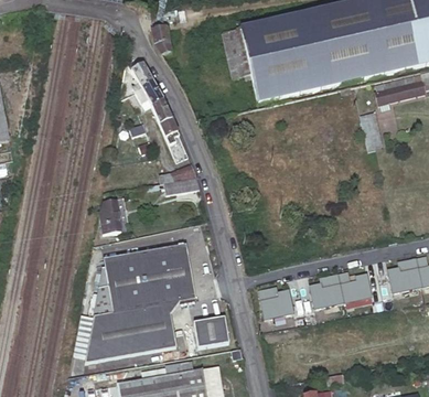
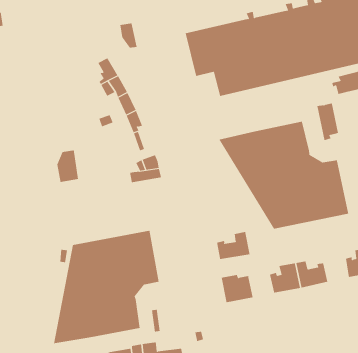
building: none -> [218,121,349,230]
building: [98,200,121,234] -> [57,150,79,182]
building: none -> [217,231,250,260]
building: [194,315,229,346] -> none

